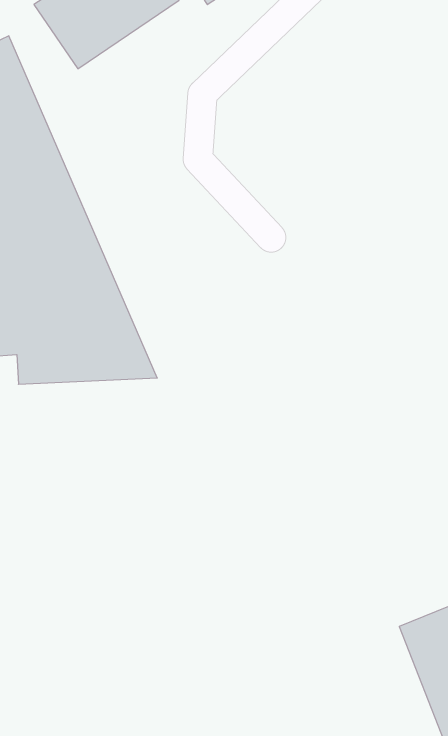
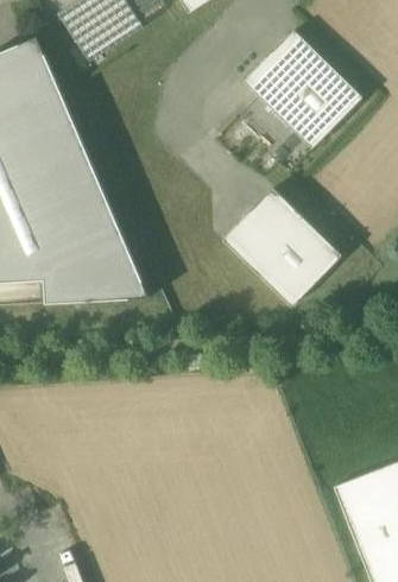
building: none -> [244,31,362,150]
building: none -> [222,189,341,308]

